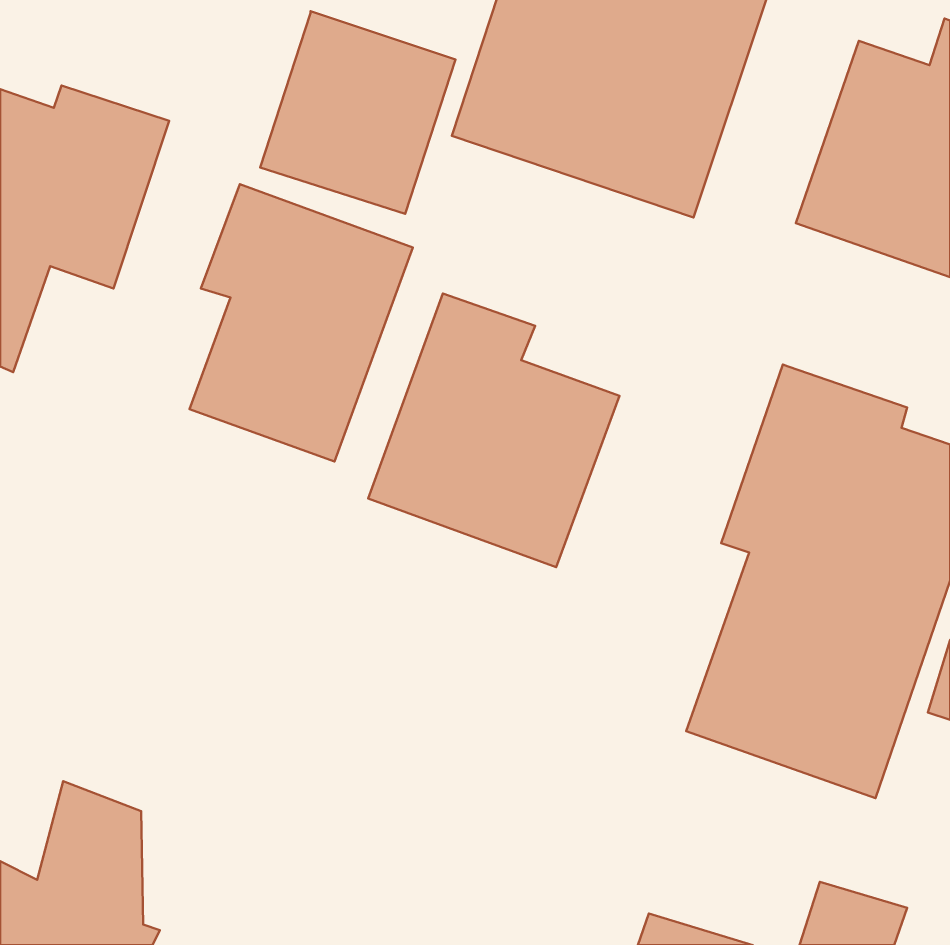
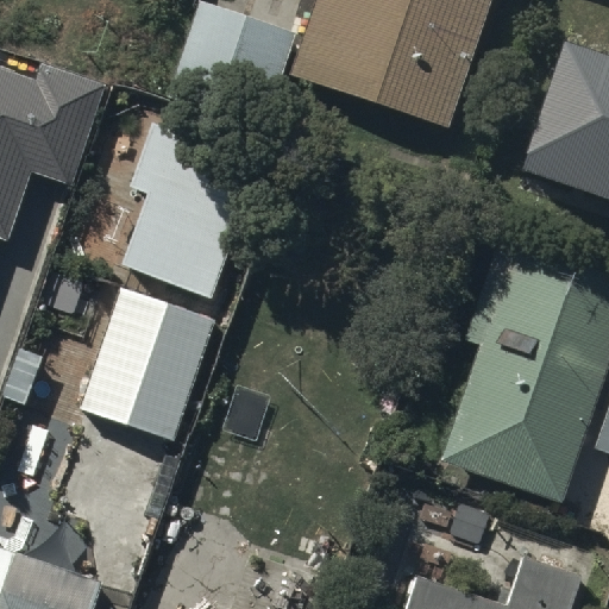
building: [368,293,619,567] -> none
building: none -> [80,293,214,446]

